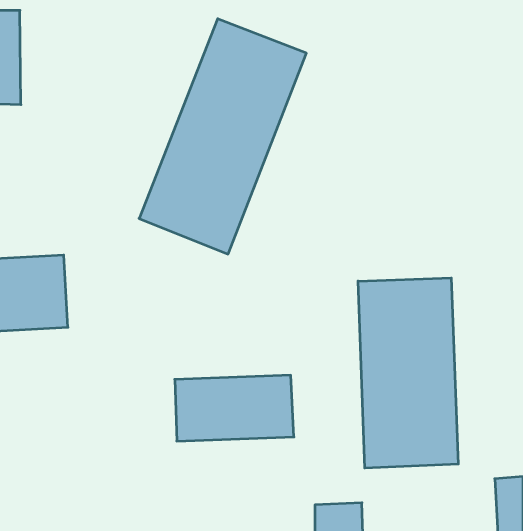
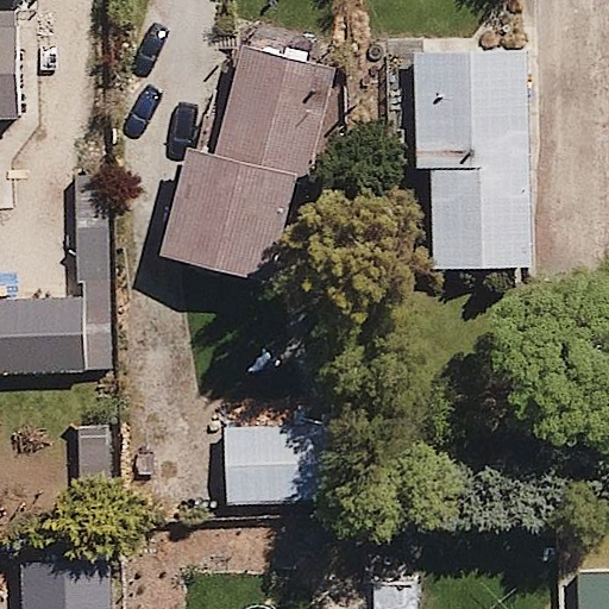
building: none -> [413,42,532,272]
building: [358,278,458,468] -> none

